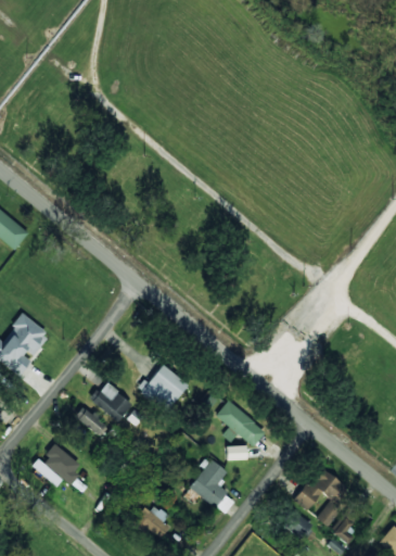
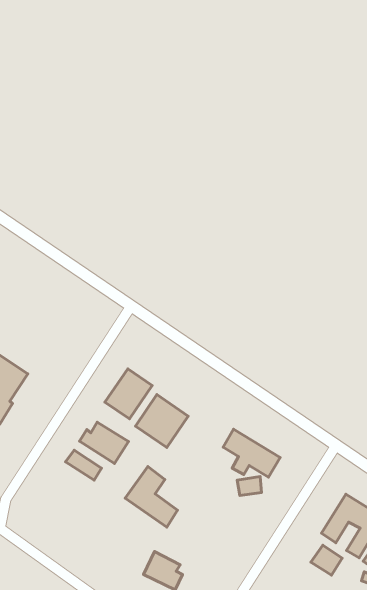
building: none -> [105,369,152,419]
building: [33,443,82,484] -> none
building: [190,459,235,515] -> [125,467,178,527]

